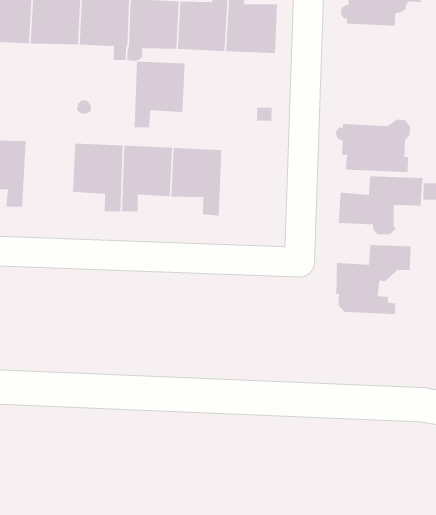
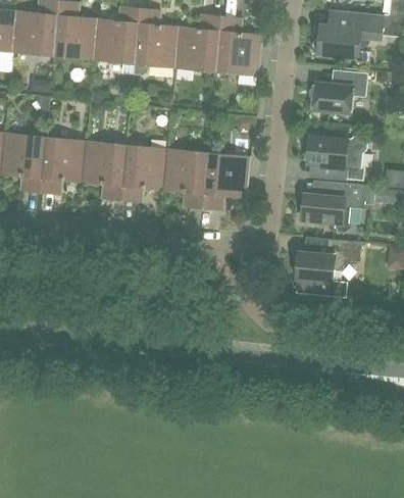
building: none -> [310,69,366,112]
building: [134,61,185,128] -> [202,152,248,208]
building: none -> [39,136,85,193]

